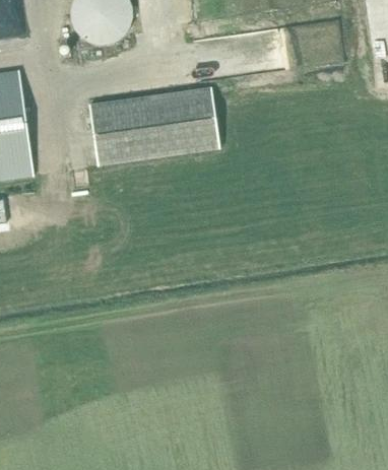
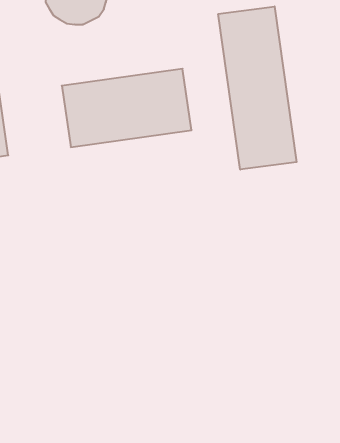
building: none -> [218,6,297,170]

